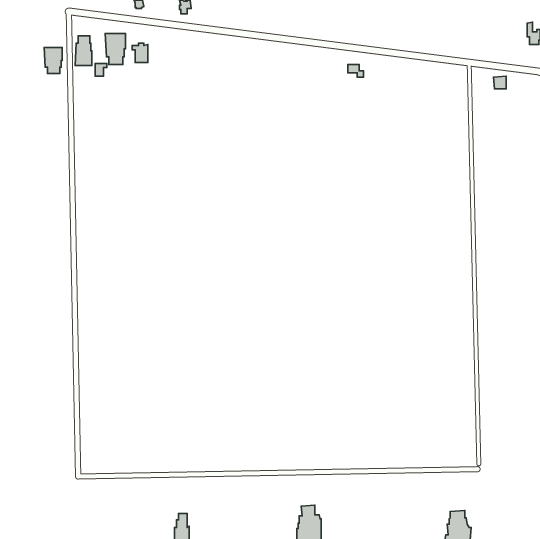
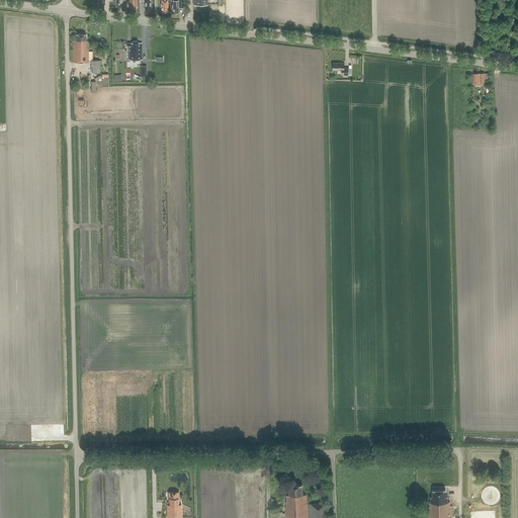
building: [105,33,125,64] -> none
building: [44,48,62,74] -> none

